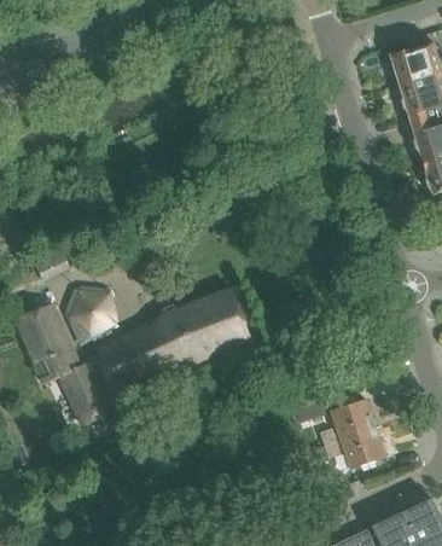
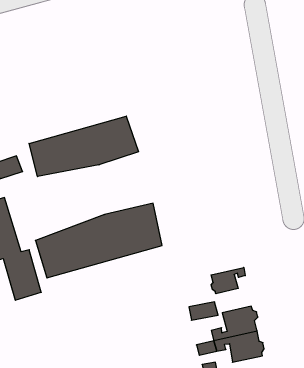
building: none -> [29,116,139,177]
building: [74,292,118,336] -> none
building: none -> [211,267,245,294]

